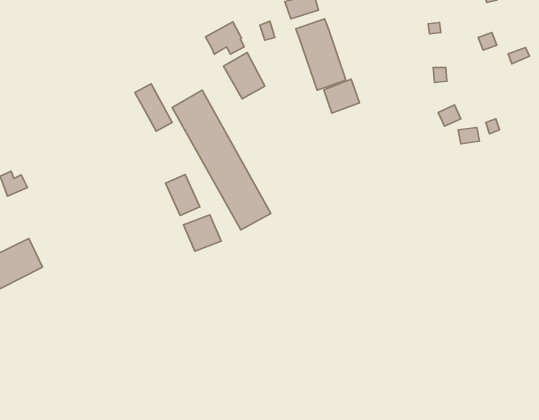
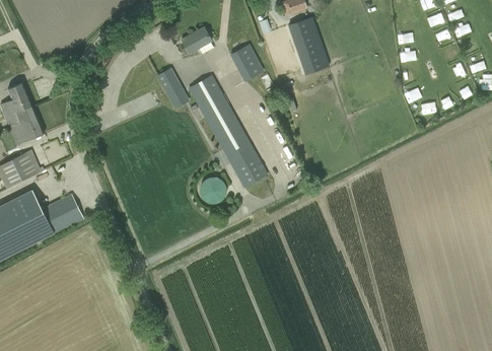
building: [205,22,244,54] -> [182,27,213,54]
building: [324,79,359,113] -> none
building: [165,175,200,215] -> none

